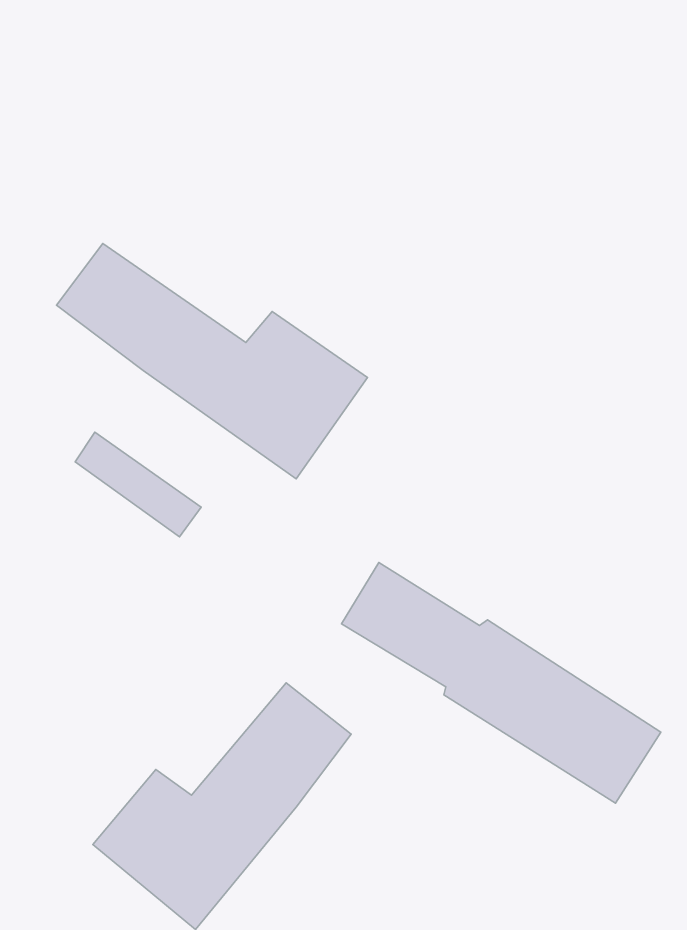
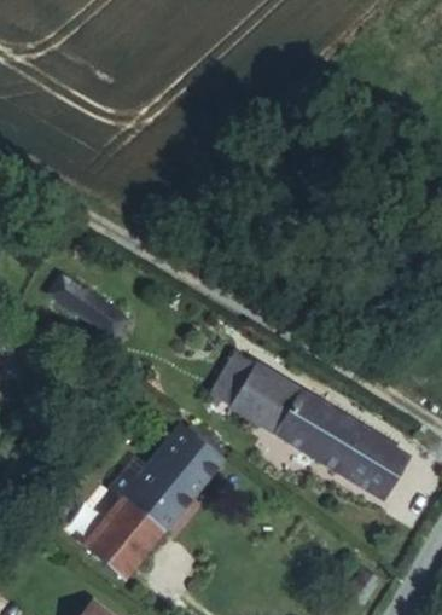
building: [57,243,368,479] -> none

